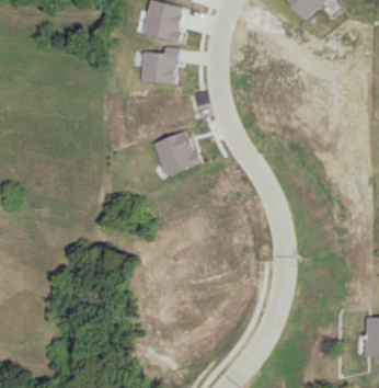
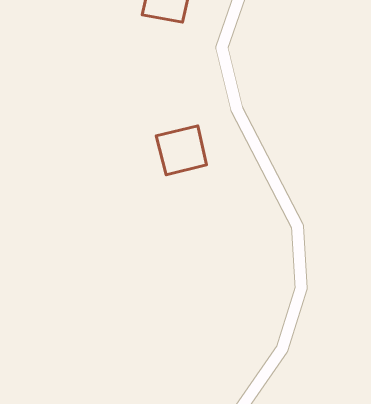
building: [141,47,177,83] -> none

